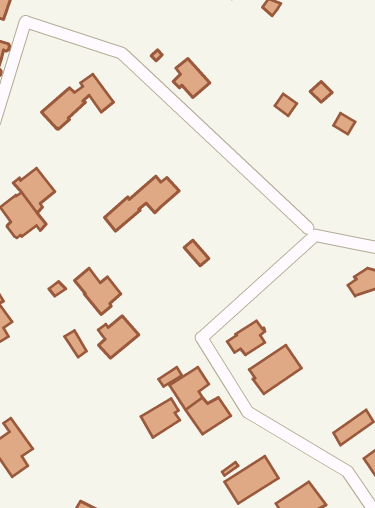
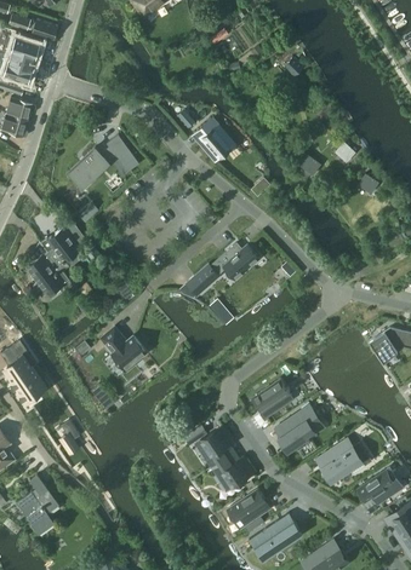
building: [105,176,179,231] -> [184,243,258,298]
building: [98,316,139,358] -> none
building: none -> [314,437,363,483]
building: [141,398,180,437] -> [227,490,266,529]

